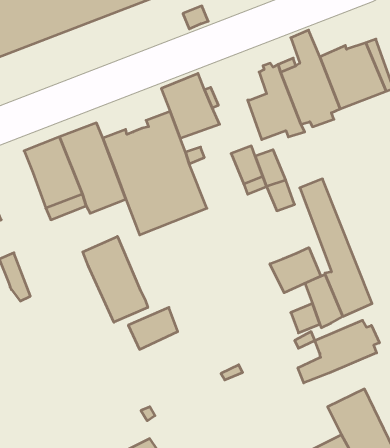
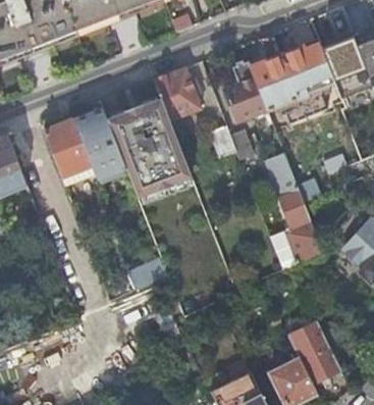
building: [83,236,148,322] -> none
building: [270,248,321,293] -> none
building: [298,320,379,383] -> none

